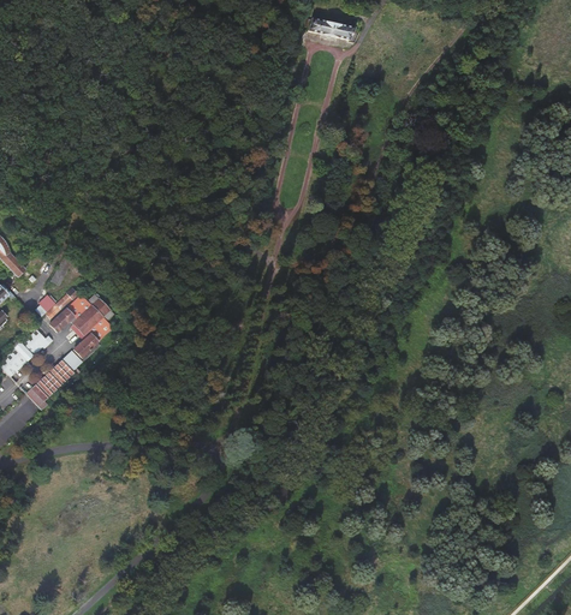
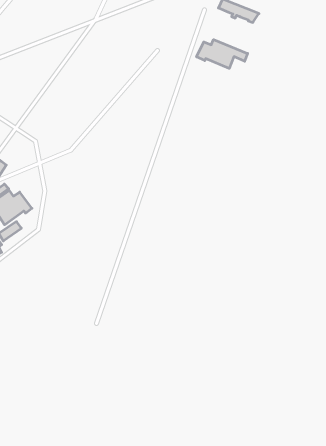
building: none -> [197,40,248,68]

